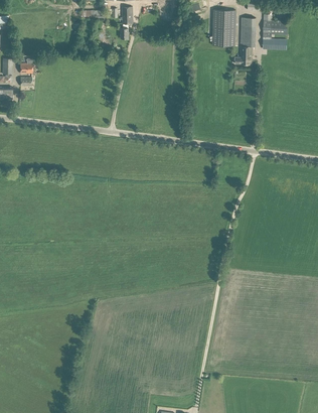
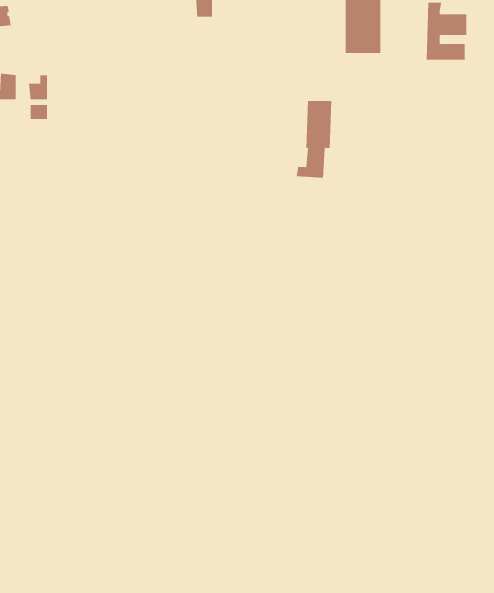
building: [233,17,256,64] -> [296,101,332,178]

